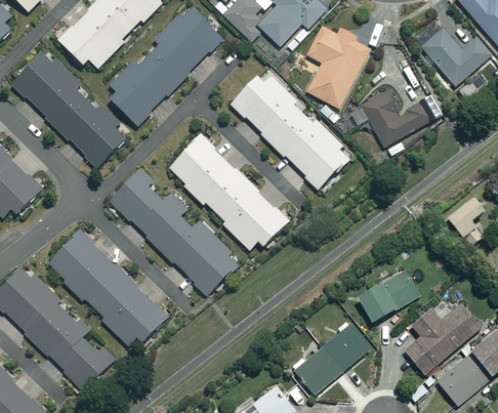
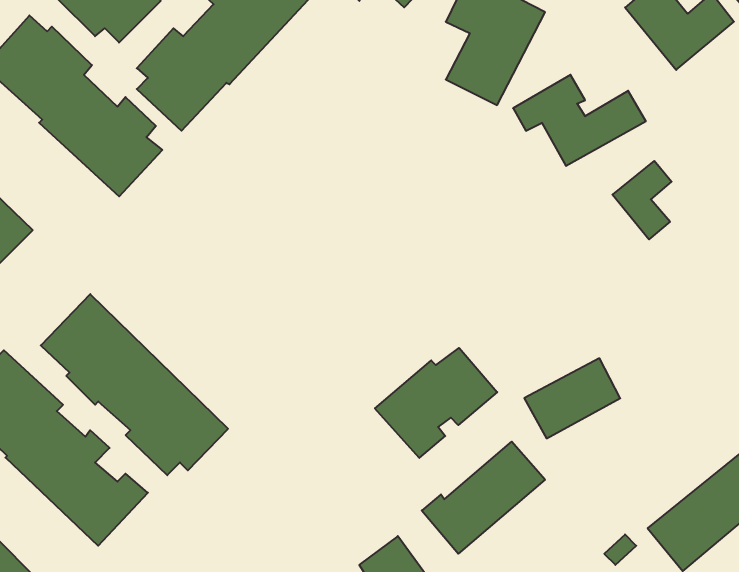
building: [231,73,352,188] -> none
building: [168,133,289,250] -> none
building: [110,169,241,295] -> none
building: [446,197,484,247] -> [612,161,672,239]
building: none -> [375,348,497,458]
building: [404,304,480,375] -> none

